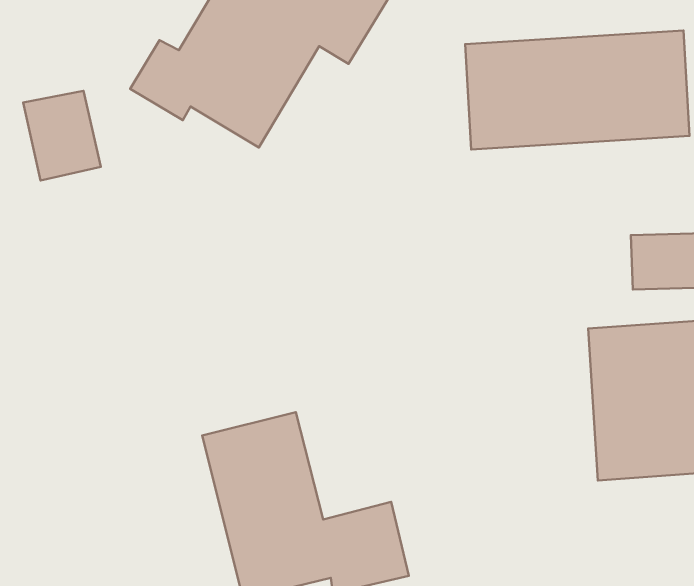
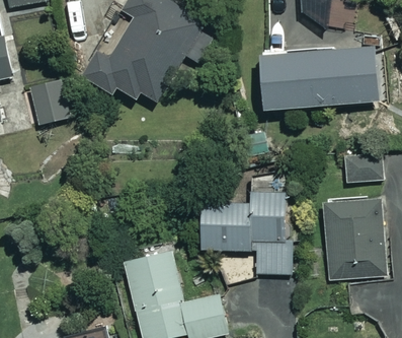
building: none -> [200,172,298,275]

